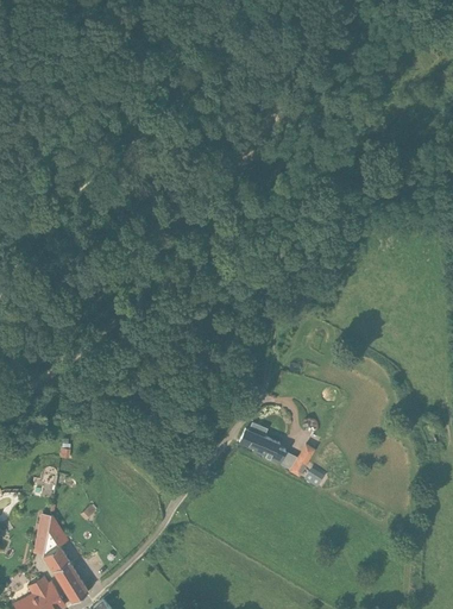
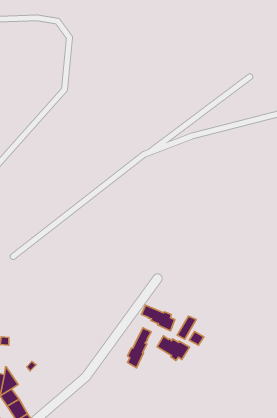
building: none -> [127,328,151,368]
building: none -> [157,336,190,361]

